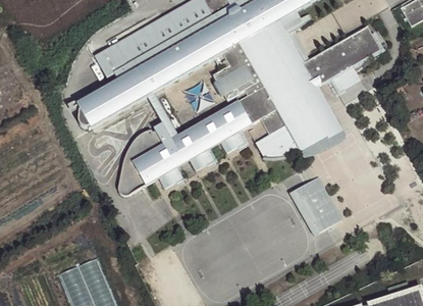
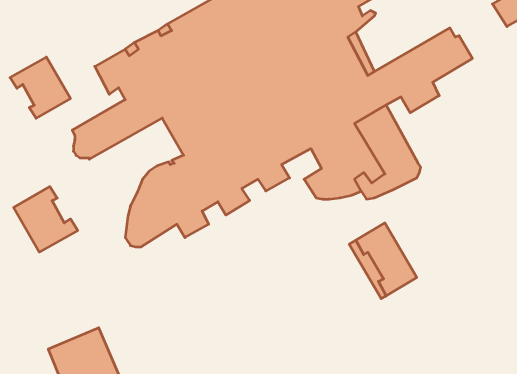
building: none -> [10,57,70,118]
building: none -> [14,187,78,252]

